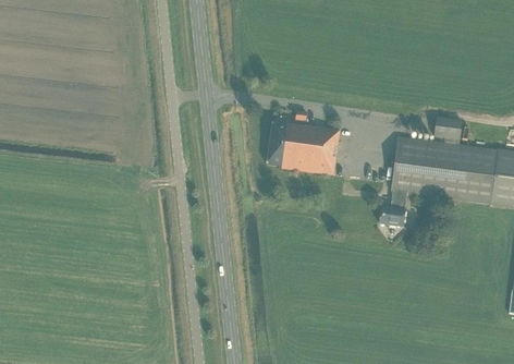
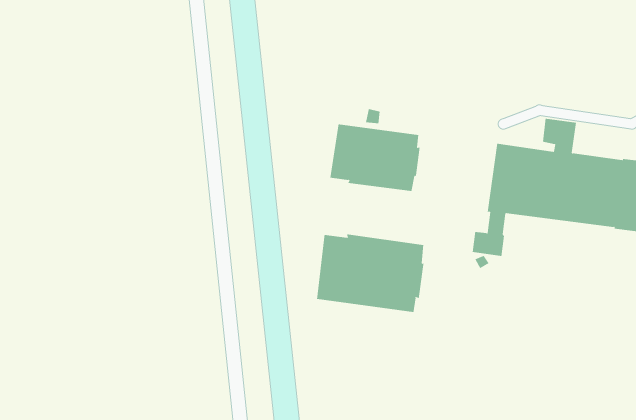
building: none -> [316,233,424,313]

